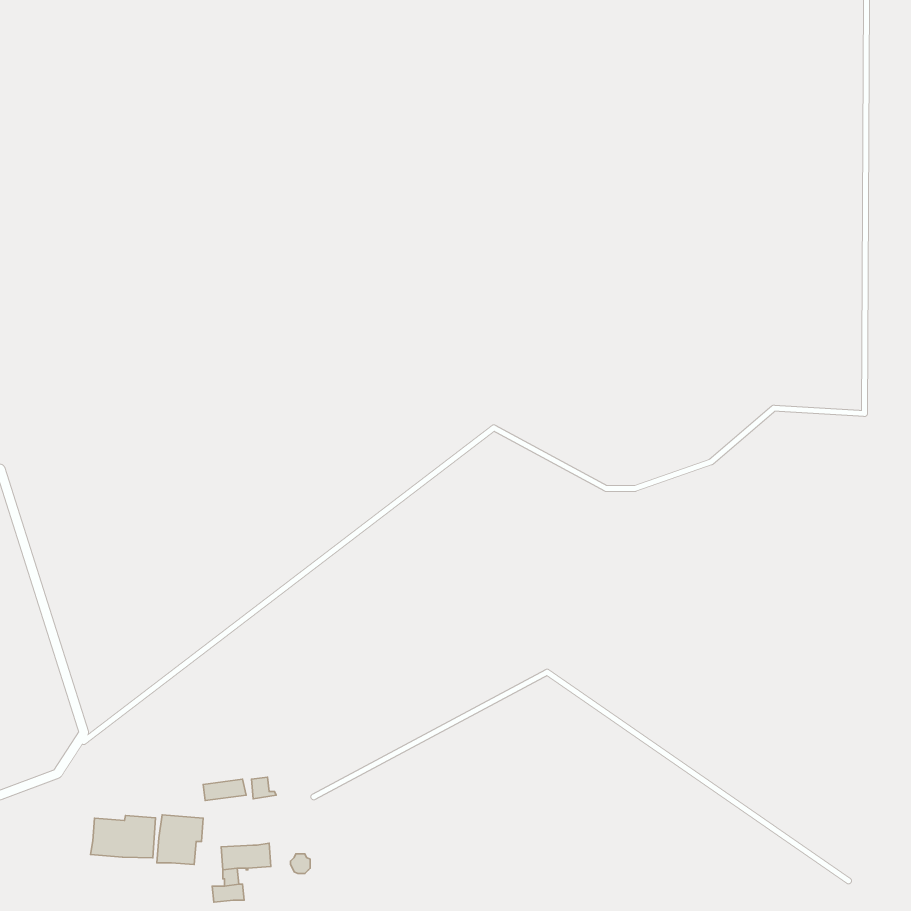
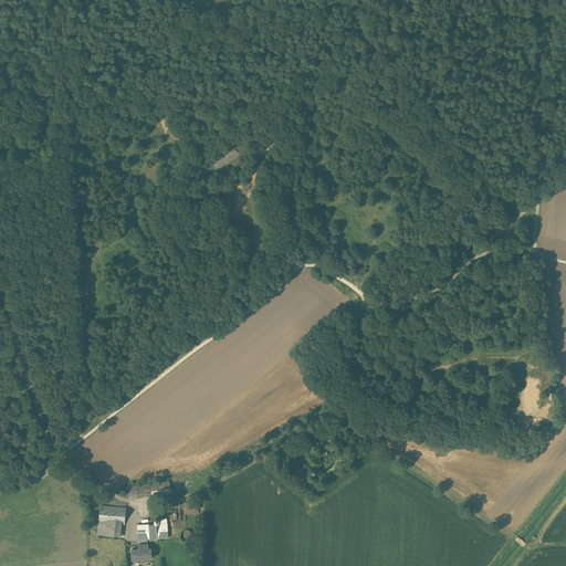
building: [90,815,155,858] -> none

